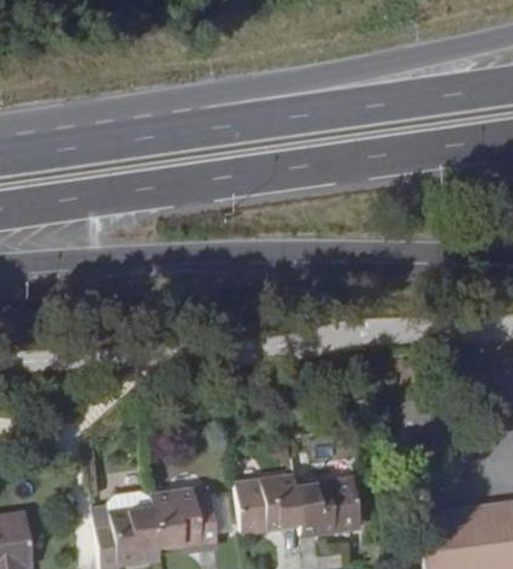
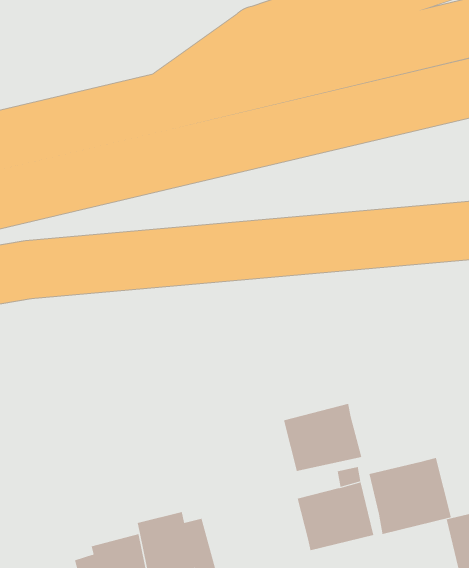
building: none -> [369,457,451,535]
building: [235,475,301,531] -> [283,403,362,471]

